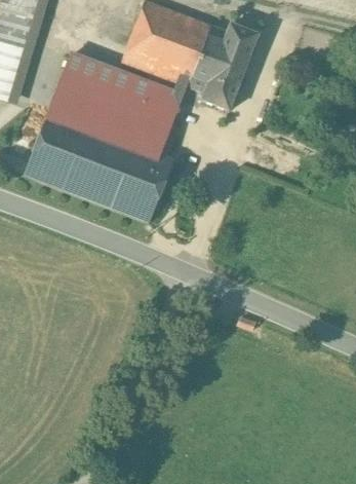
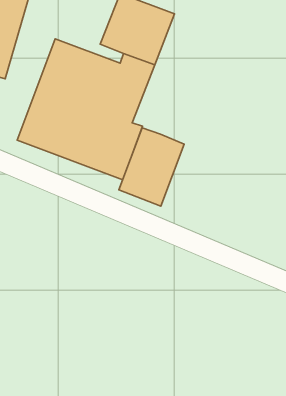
building: [188,23,259,109] -> none
building: none -> [119,128,184,206]

